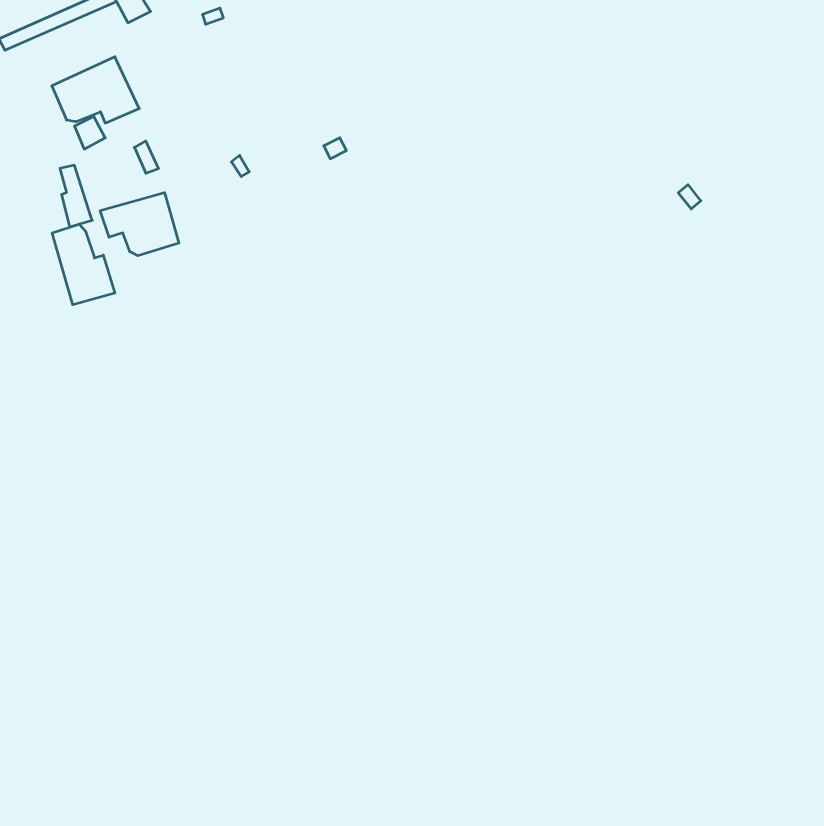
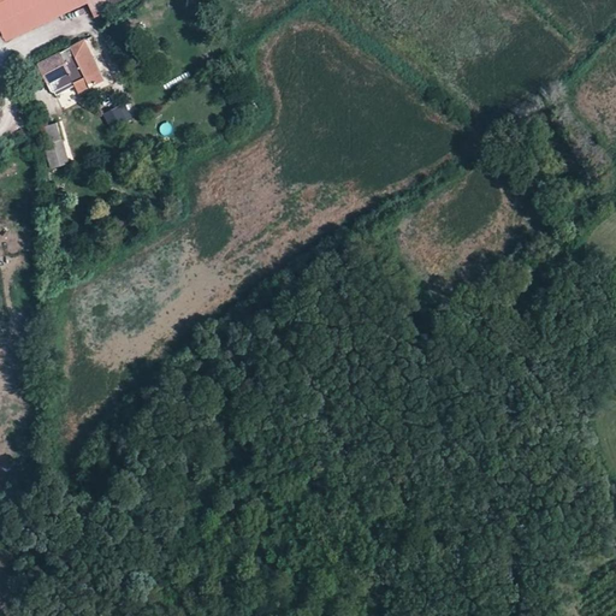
building: [100,193,179,256] -> none
building: [52,224,115,305] -> none

